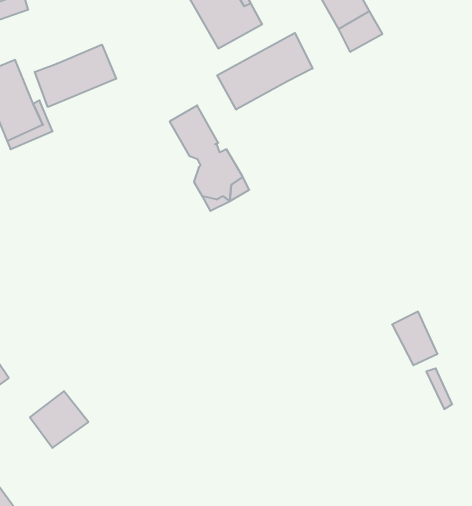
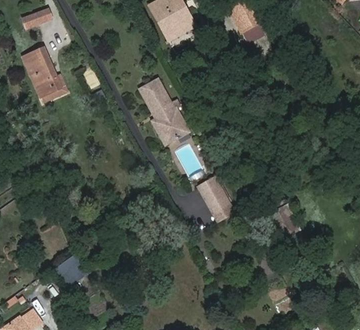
building: [217,33,313,110] -> none
building: [35,45,116,107] -> none
building: none -> [198,176,233,220]

